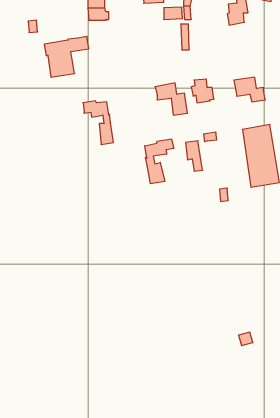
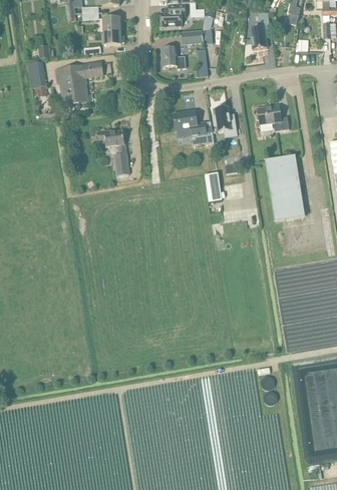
building: none -> [161,46,186,68]
building: none -> [28,61,46,93]
building: [145,139,174,184] -> none

